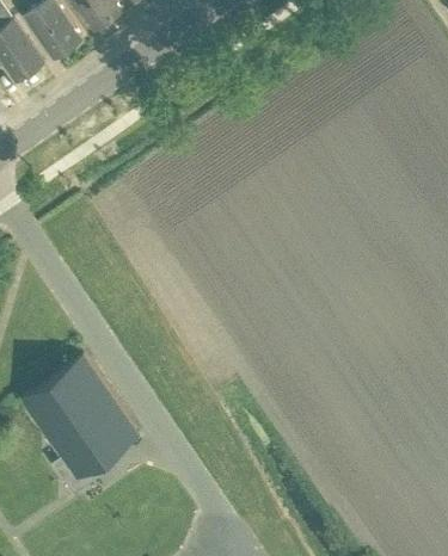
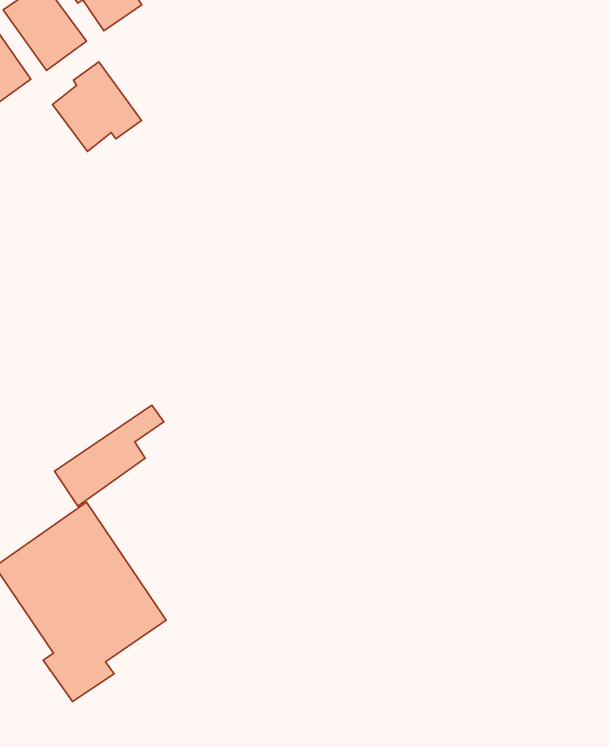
building: none -> [53,62,141,152]
building: none -> [54,405,164,506]

